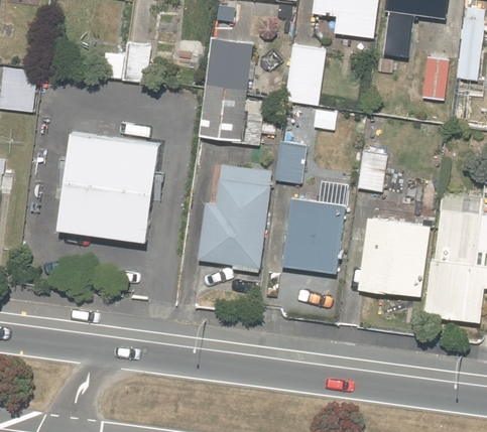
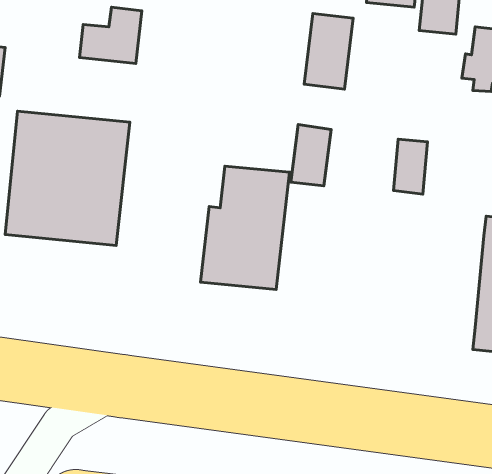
building: [197,40,252,143] -> none
building: [279,200,349,276] -> none
building: [359,218,434,300] -> none

